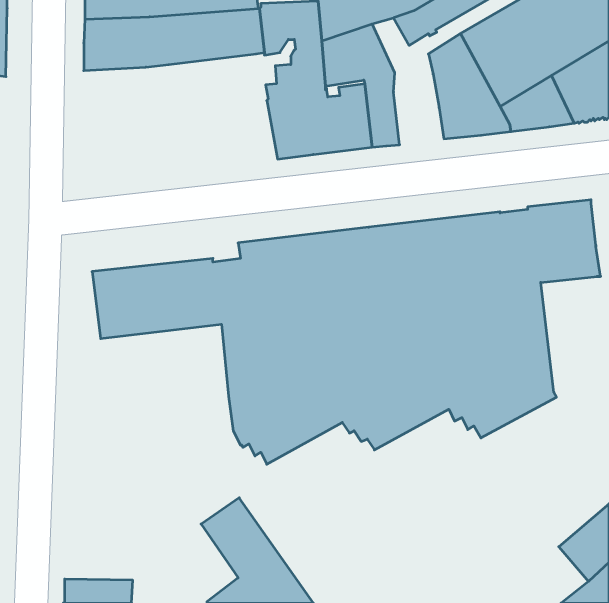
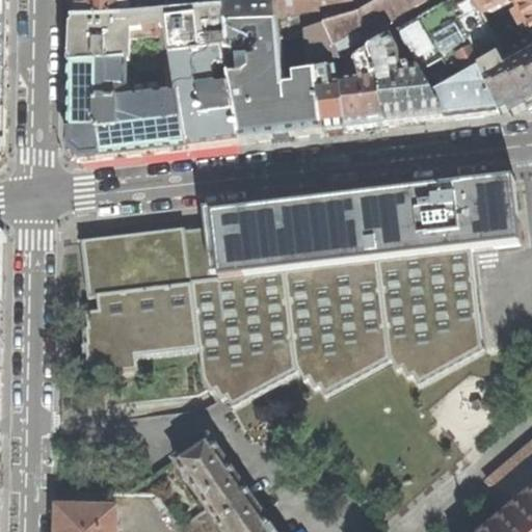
building: none -> [71,47,241,157]
building: none -> [342,47,385,126]
building: none -> [84,282,198,373]

